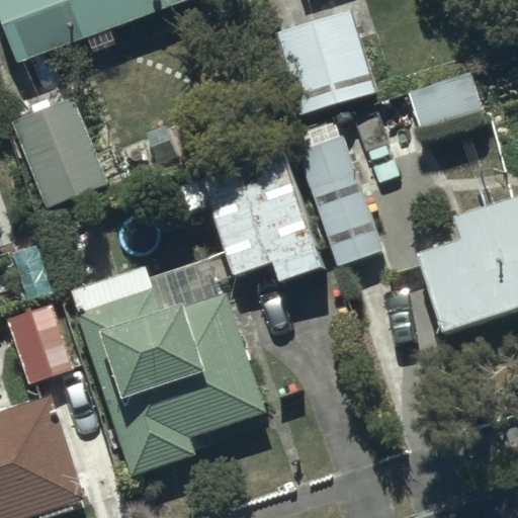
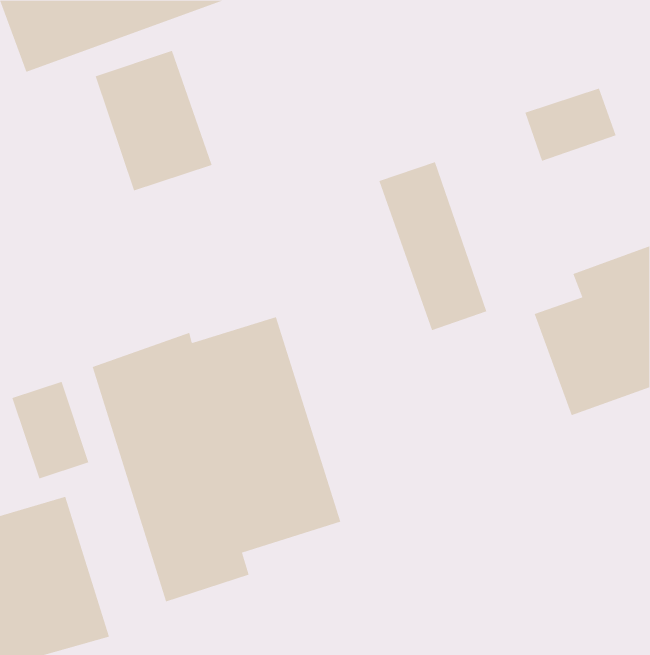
building: [274,10,378,115] -> none
building: [13,100,105,210] -> [95,50,212,191]
building: [197,148,324,280] -> none

